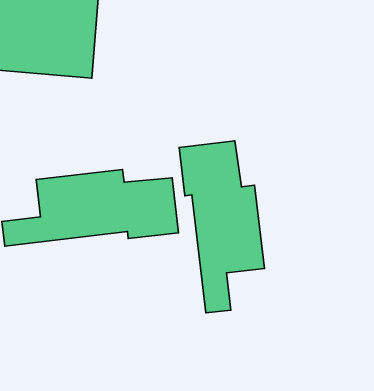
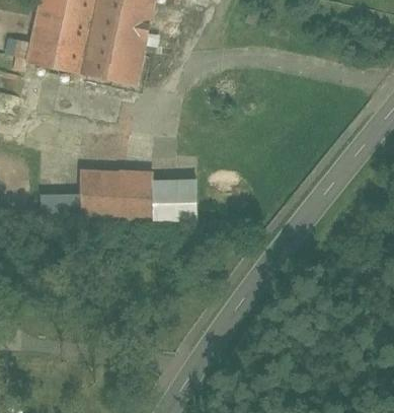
building: [179,141,264,313] -> none

